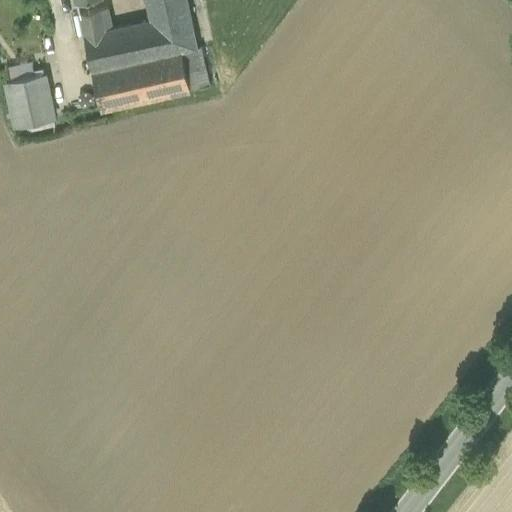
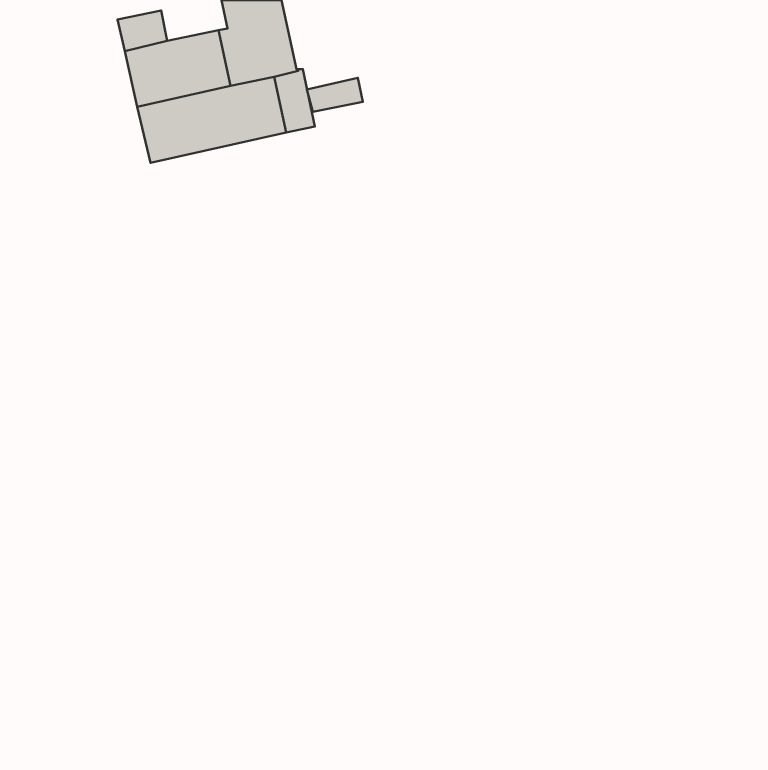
building: none -> [307,78,363,112]
building: [4,73,52,128] -> none

